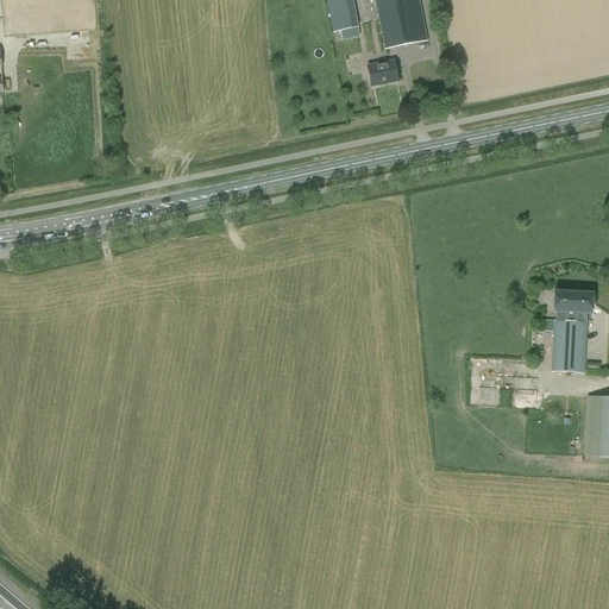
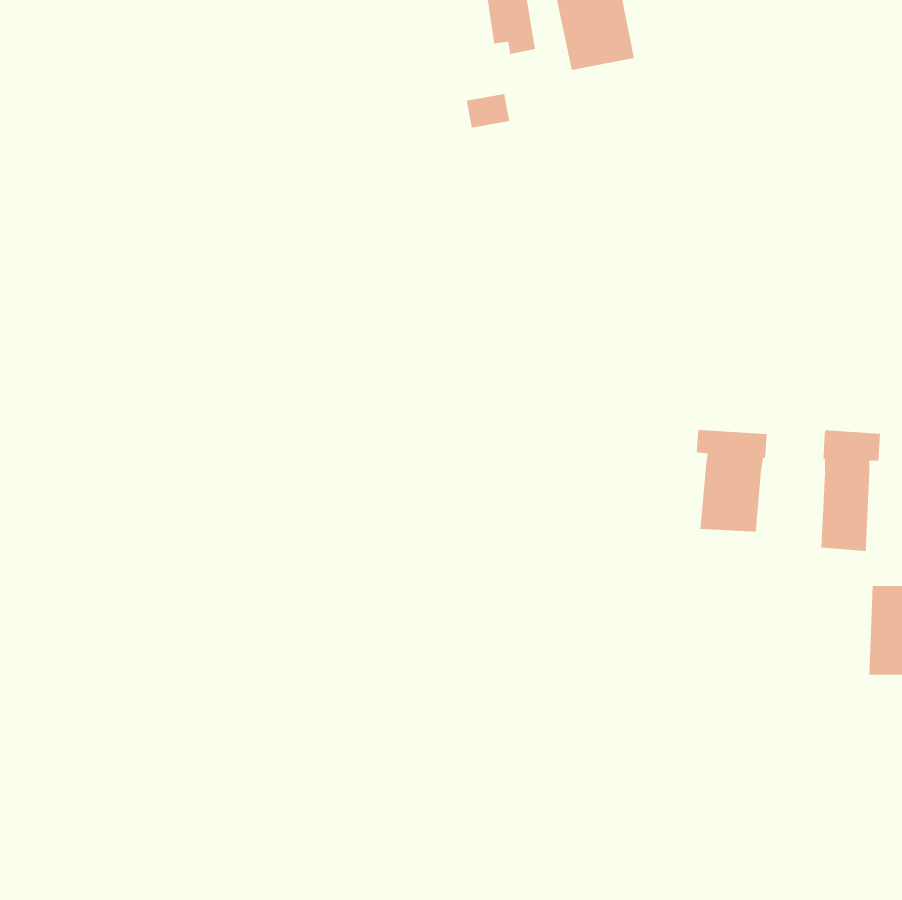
building: [369,59,398,83] -> [466,93,510,129]
building: none -> [696,429,768,533]

